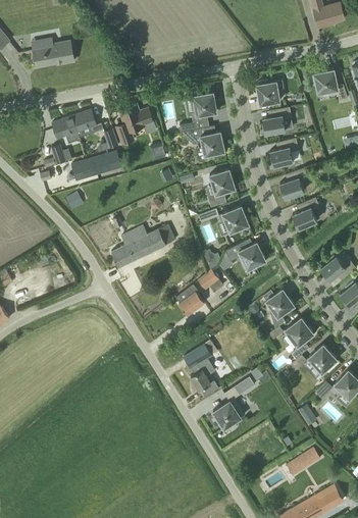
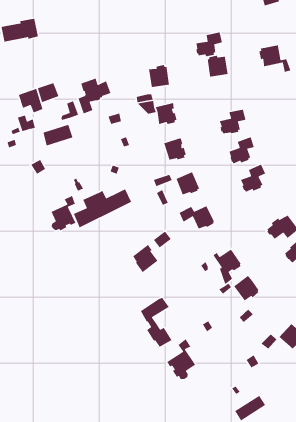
building: [262,107,292,135] -> [195,32,223,57]
building: none -> [50,195,77,231]
building: [308,345,337,373] -> none

